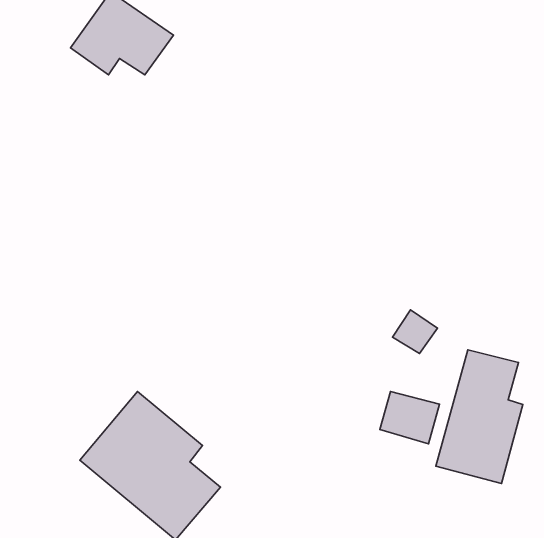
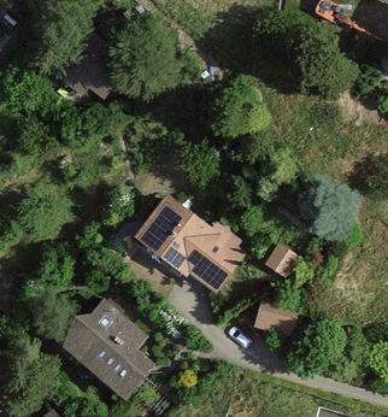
building: none -> [142,198,246,288]
building: [436,350,523,484] -> none

